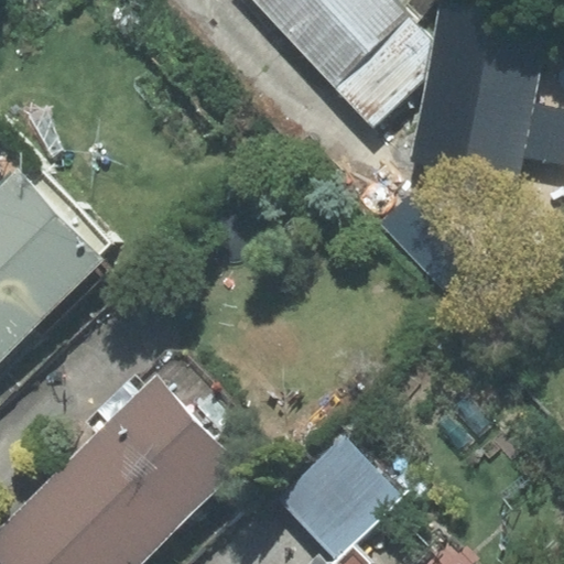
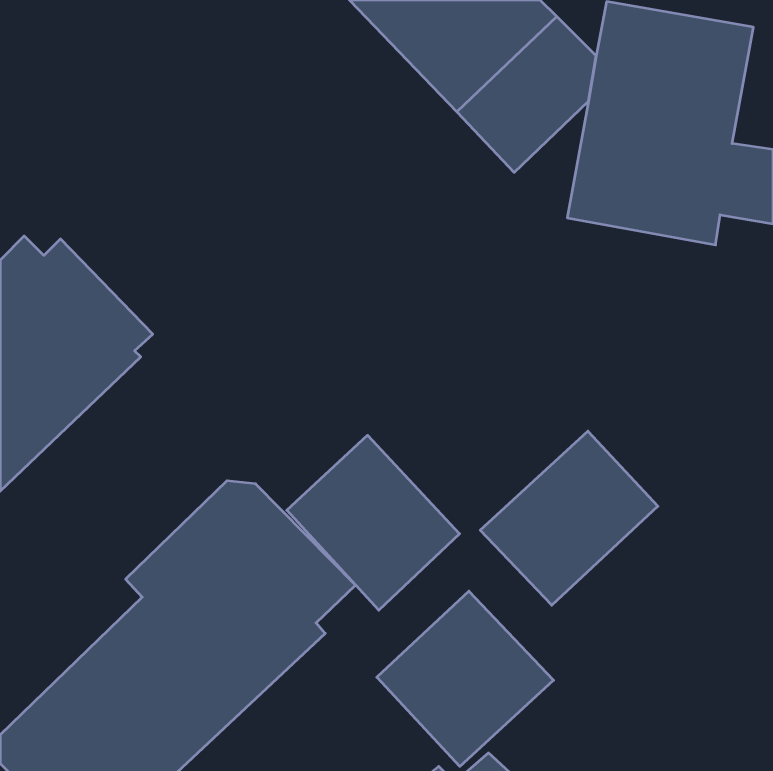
building: none -> [480,431,658,605]
building: none -> [287,435,460,610]

